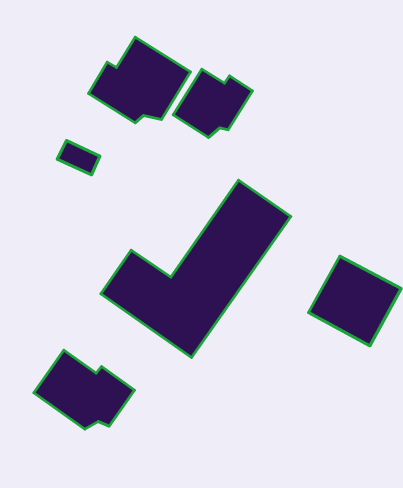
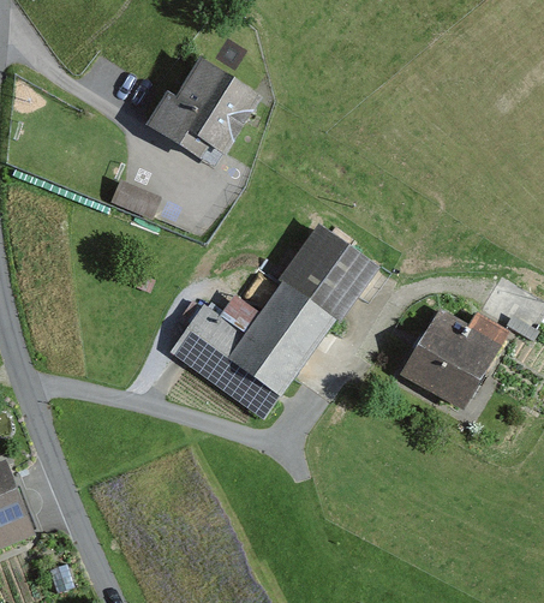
building: [173,69,252,138] -> none
building: [34,350,135,429] -> none

